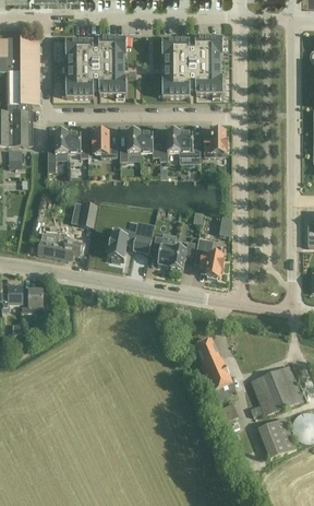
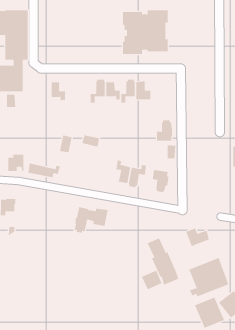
building: [64,38,125,97] -> none
building: [204,129,226,157] -> [156,120,173,141]
building: [47,130,68,162] -> none
building: [92,130,116,157] -> none
building: [107,227,153,262] -> [74,207,108,233]
building: [21,291,43,314] -> [8,154,24,171]
building: none -> [185,228,210,247]
building: none -> [141,270,162,290]

